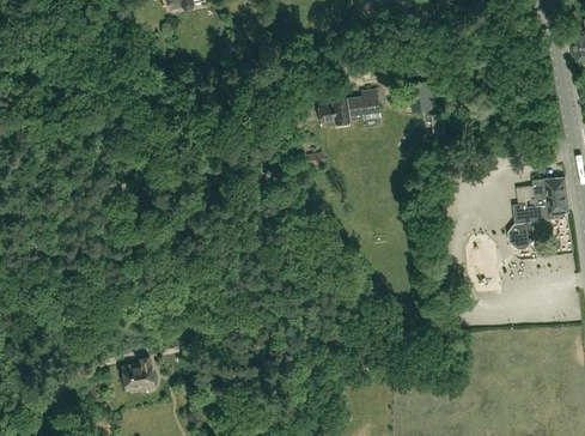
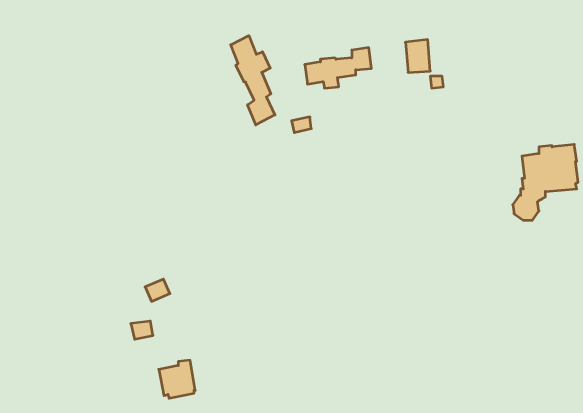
building: none -> [231,36,275,125]
building: [122,356,156,390] -> [159,360,195,398]

